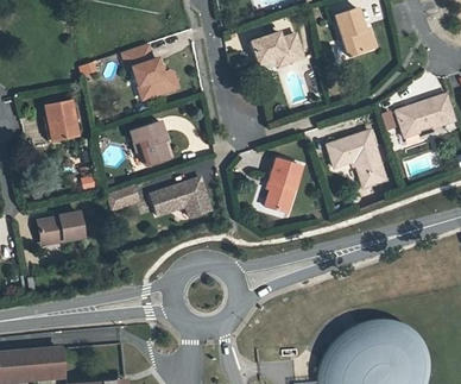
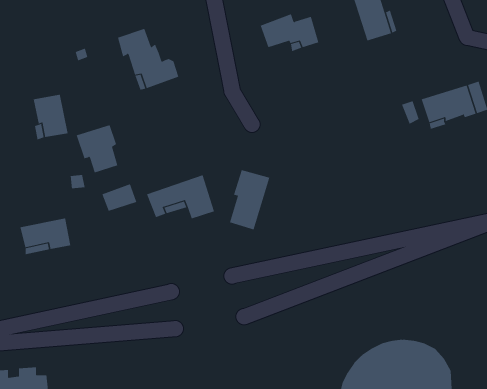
building: [131,120,169,164] -> [76,125,118,173]
building: [326,128,386,184] -> none
building: [266,156,303,210] -> [229,170,270,230]

